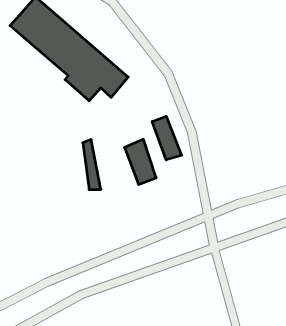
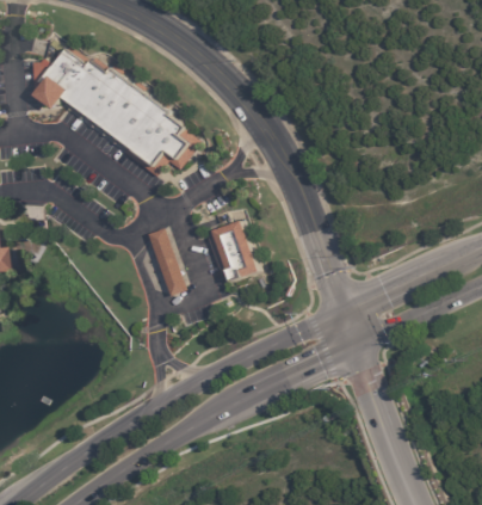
building: [152,116,182,160] -> none

